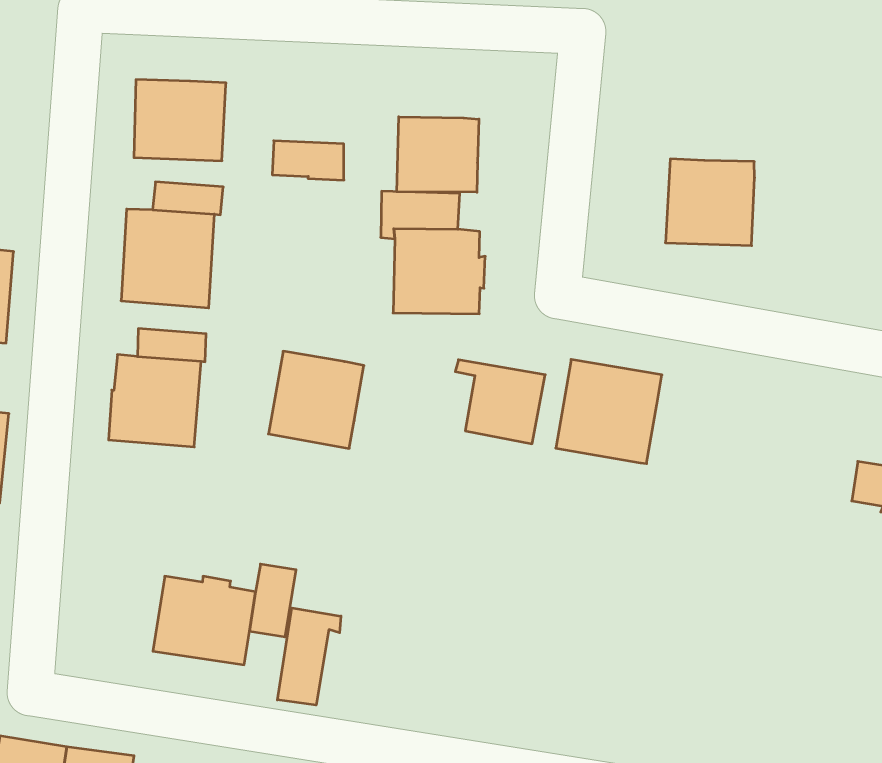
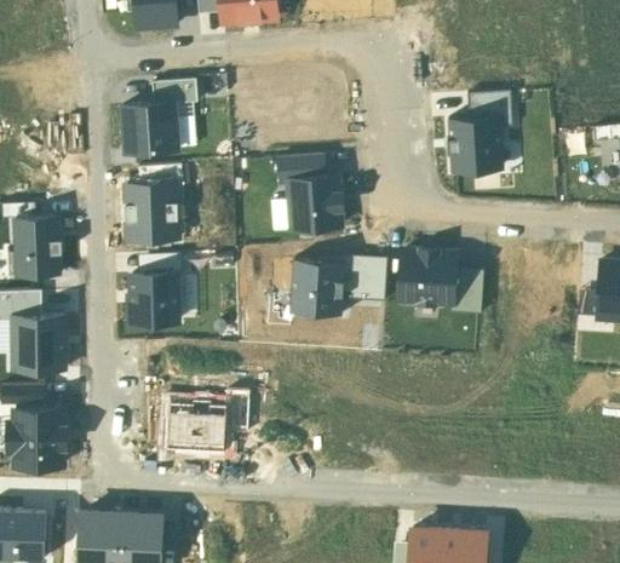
building: [397,117,479,192] -> none
building: none -> [466,92,511,127]
building: [272,141,344,180] -> [153,81,197,104]
building: [268,351,364,448] -> [291,260,344,315]
building: none -> [449,270,482,315]
building: [277,608,341,705] -> none

